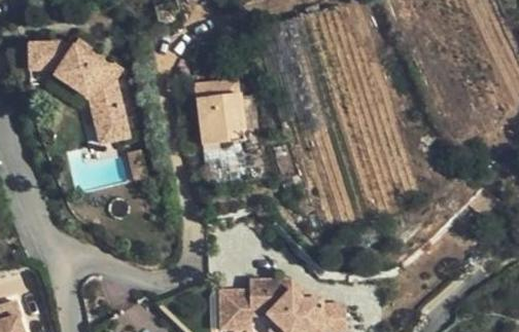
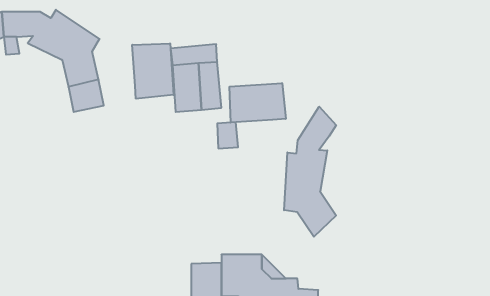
building: none -> [132,43,173,99]
building: none -> [230,83,286,123]
building: none -> [284,107,336,237]

